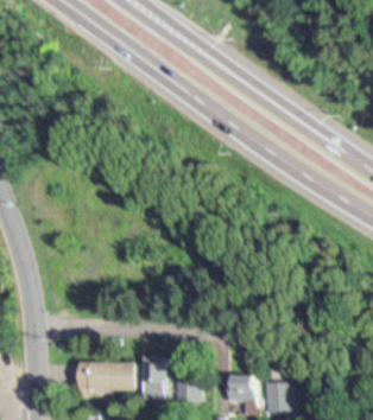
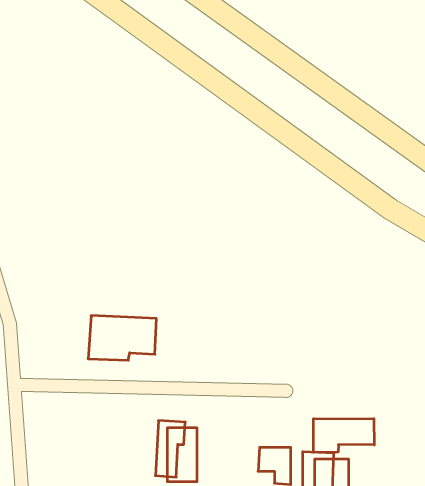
building: none -> [314,419,374,452]
building: [71,359,126,395] -> [88,316,156,360]
building: [170,378,194,401] -> none

